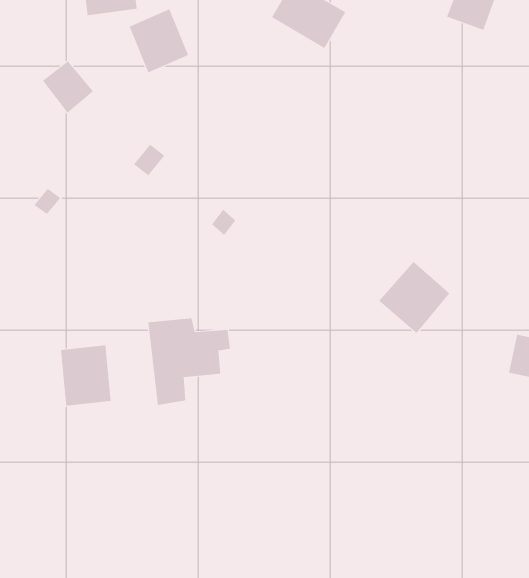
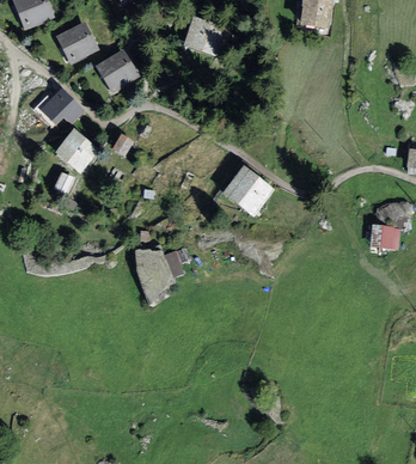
building: none -> [56,133,93,169]
building: [378,261,450,334] -> [225,170,269,215]
building: [60,344,111,407] -> none

